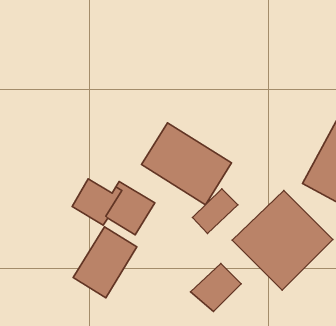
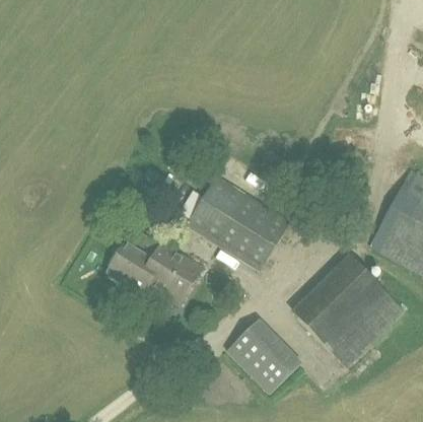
building: [192,189,238,233] -> [225,319,277,369]
building: [73,227,137,298] -> none

